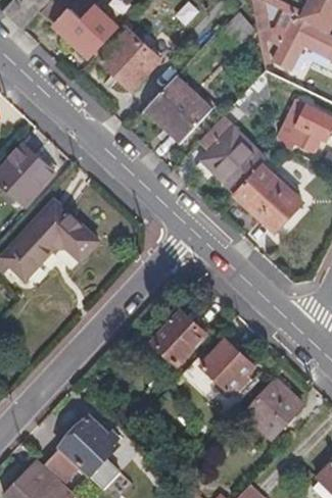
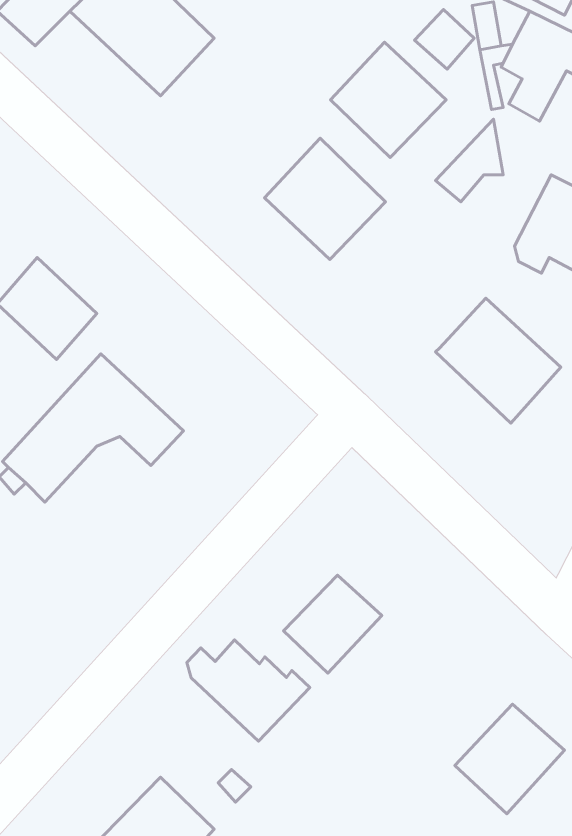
building: [99,30,160,91] -> [331,42,446,158]
building: [201,129,265,191] -> none
building: [205,343,258,395] -> none
building: none -> [187,640,310,741]

